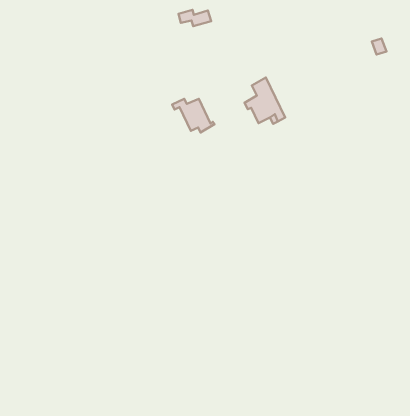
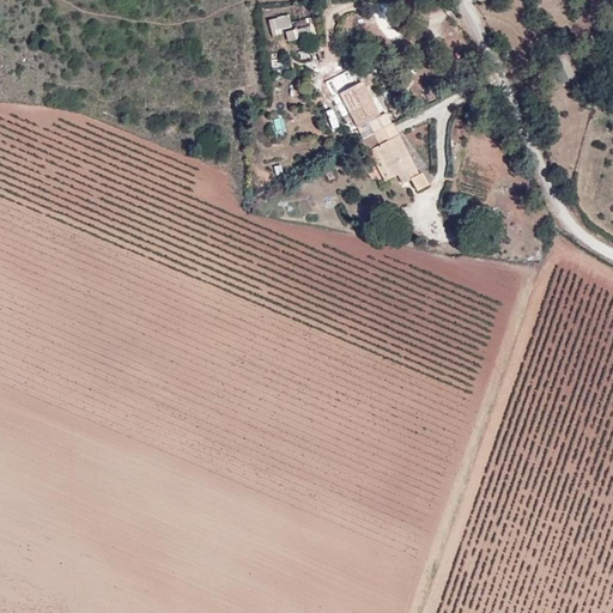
building: [172,99,214,132] -> [328,78,390,127]

